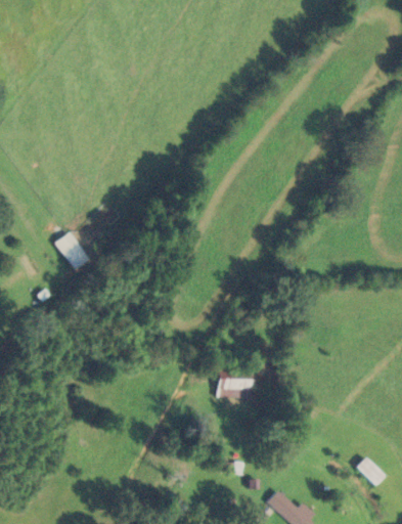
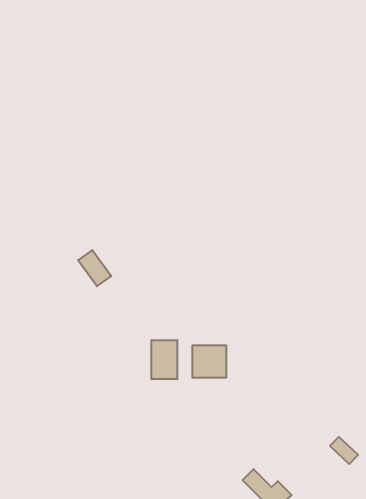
building: [57,232,91,269] -> [78,250,111,286]
building: none -> [151,340,177,379]

